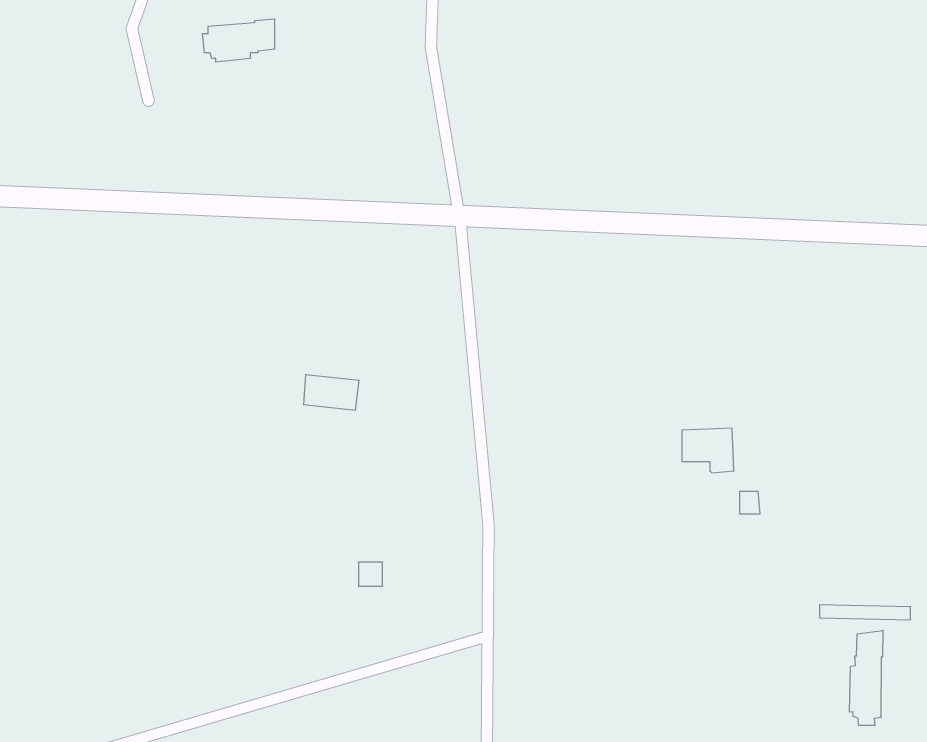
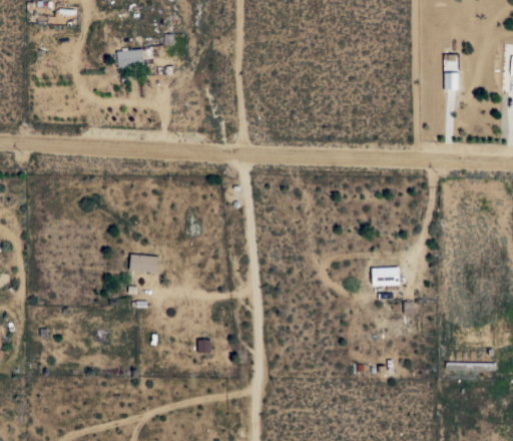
building: [303,375,359,410] -> [130,254,160,273]
building: [850,630,883,726] -> none

